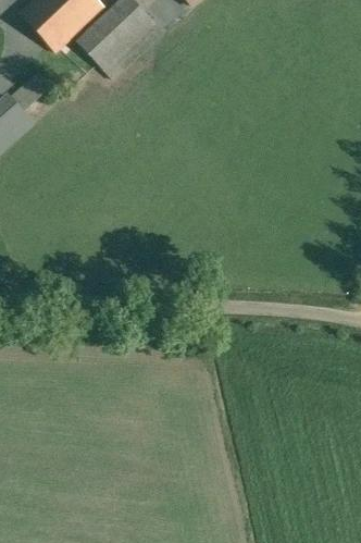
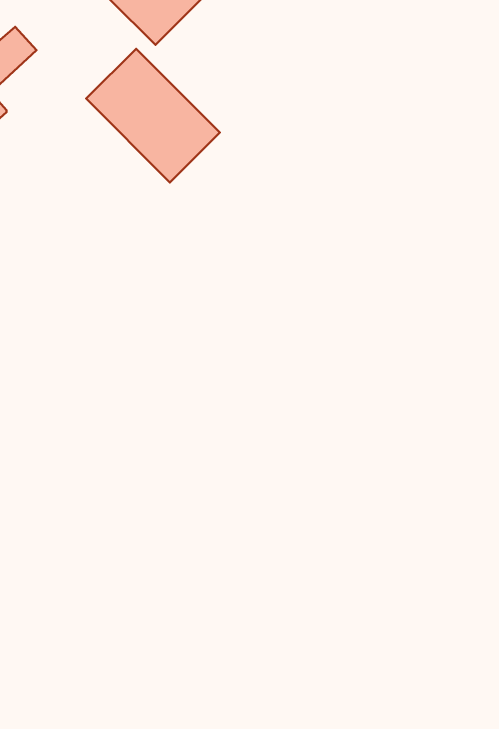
building: none -> [86,49,220,182]

